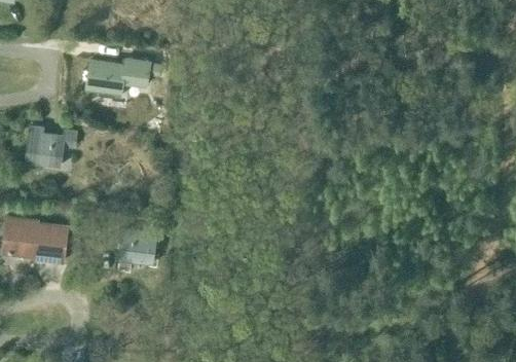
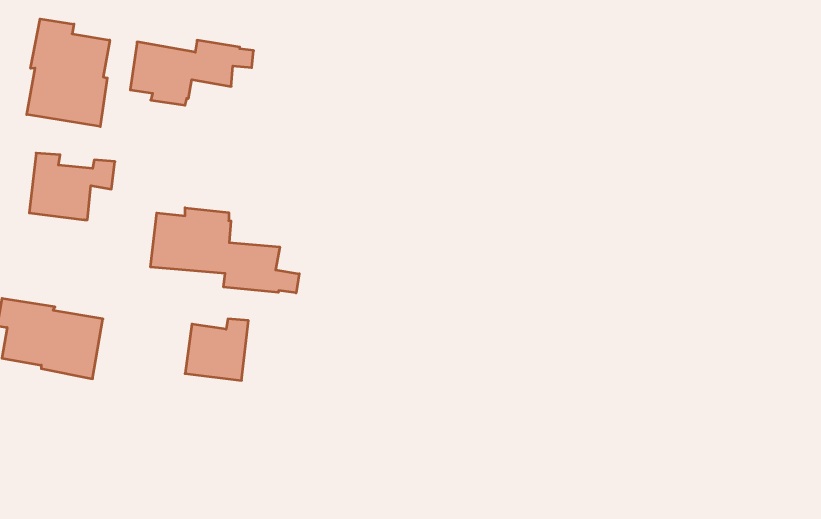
building: none -> [27,19,110,127]
building: none -> [151,208,299,293]

